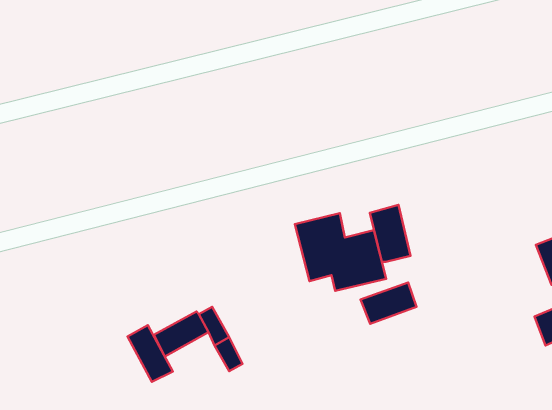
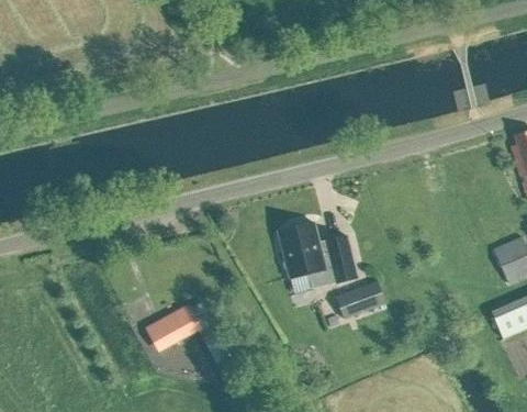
building: [370,205,410,262] -> none
building: [127,325,173,382] -> none

